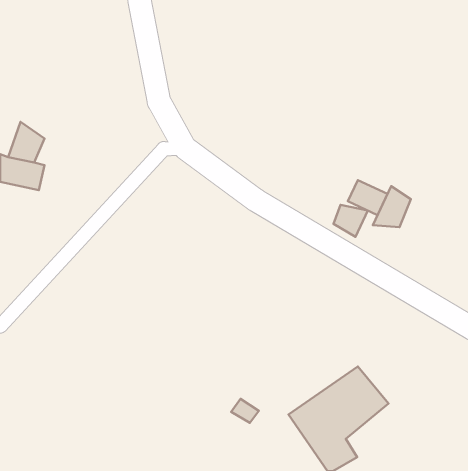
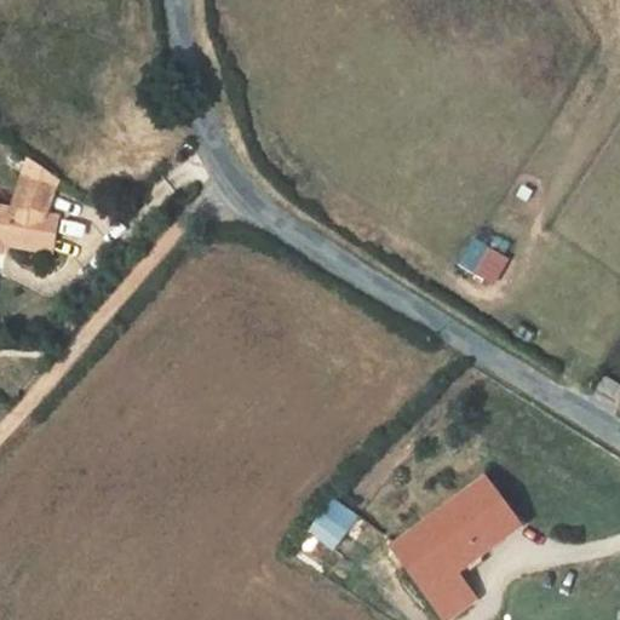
building: [373,186,411,227] -> none
building: [333,205,368,237] -> none

